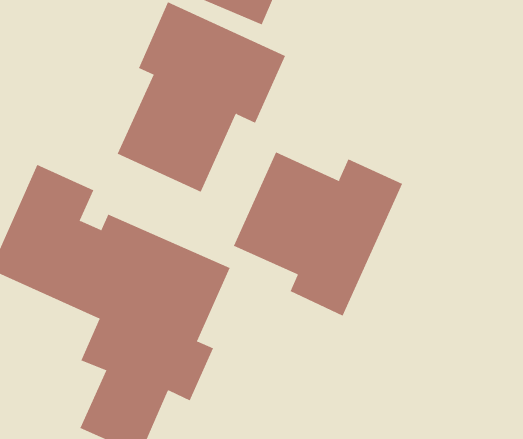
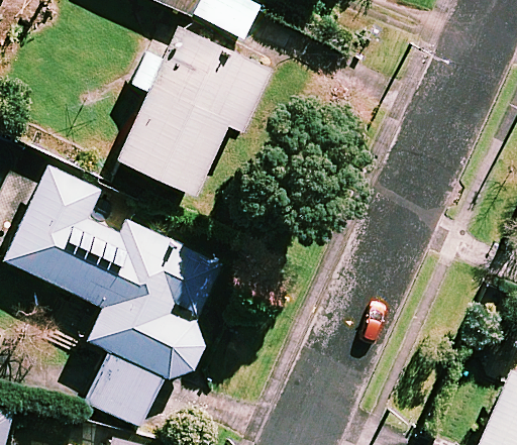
building: [233,151,403,316] -> none

